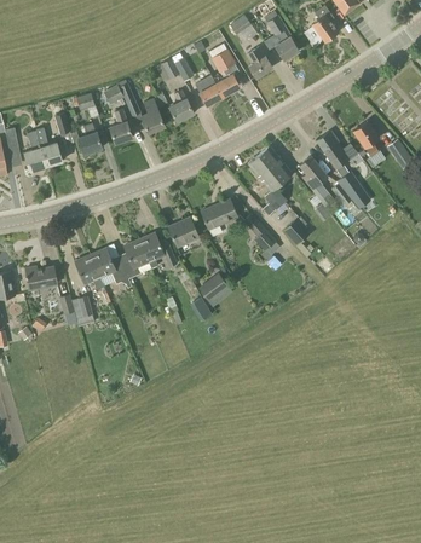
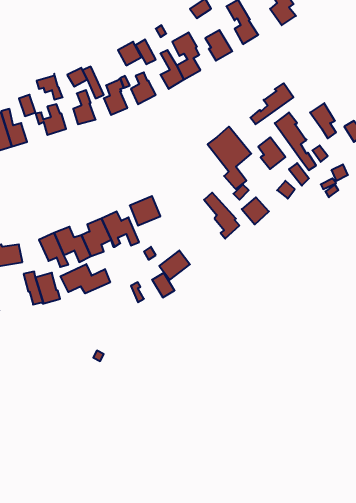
building: none -> [250,83,293,124]
building: [201,198,237,229] -> none
building: none -> [60,264,110,293]

